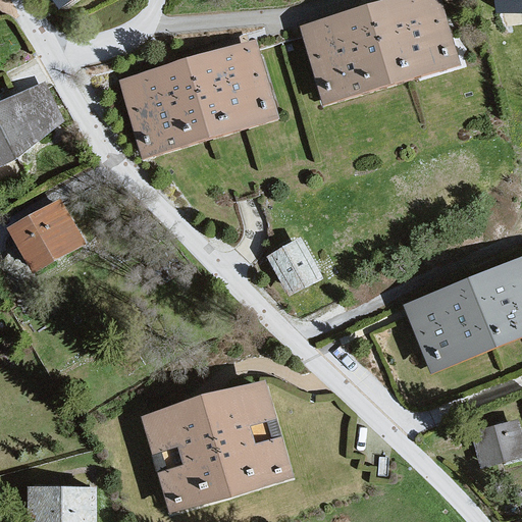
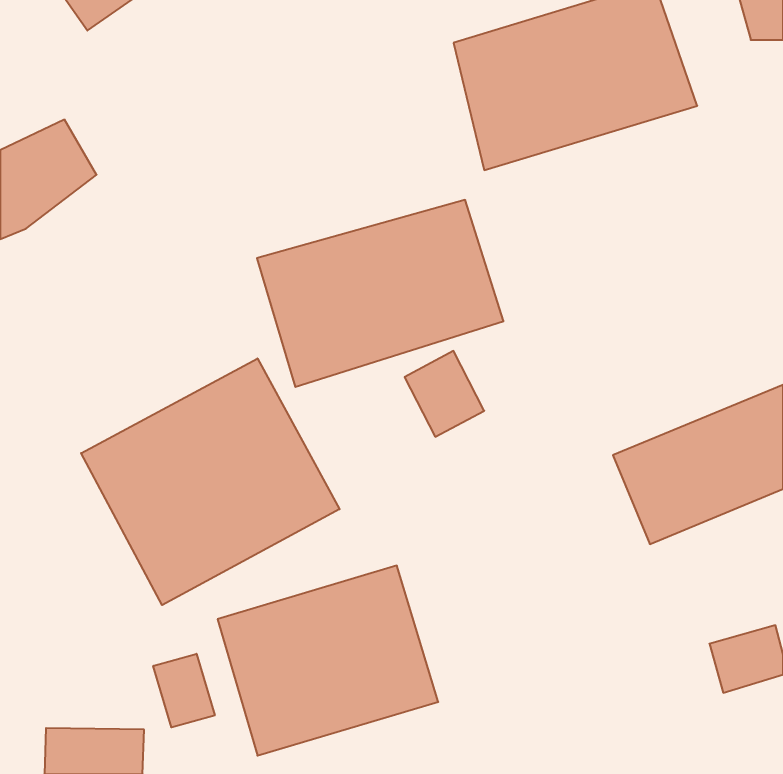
building: [117,44,281,168] -> [257,200,504,387]
building: [9,196,84,266] -> none
building: none -> [81,358,340,605]
building: none -> [153,654,215,727]

